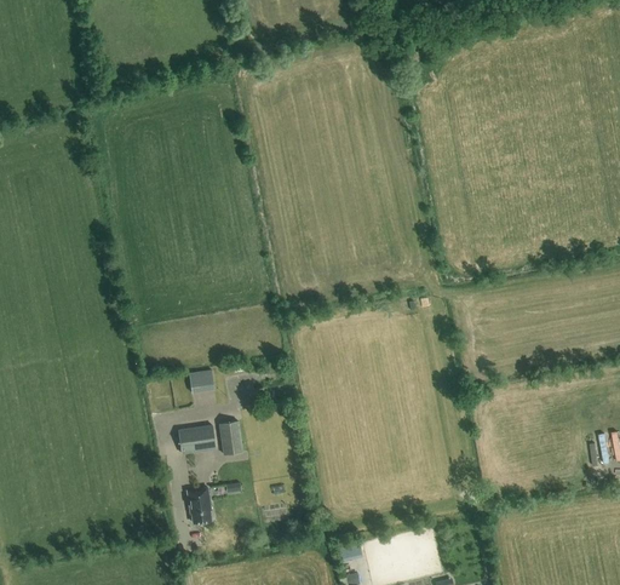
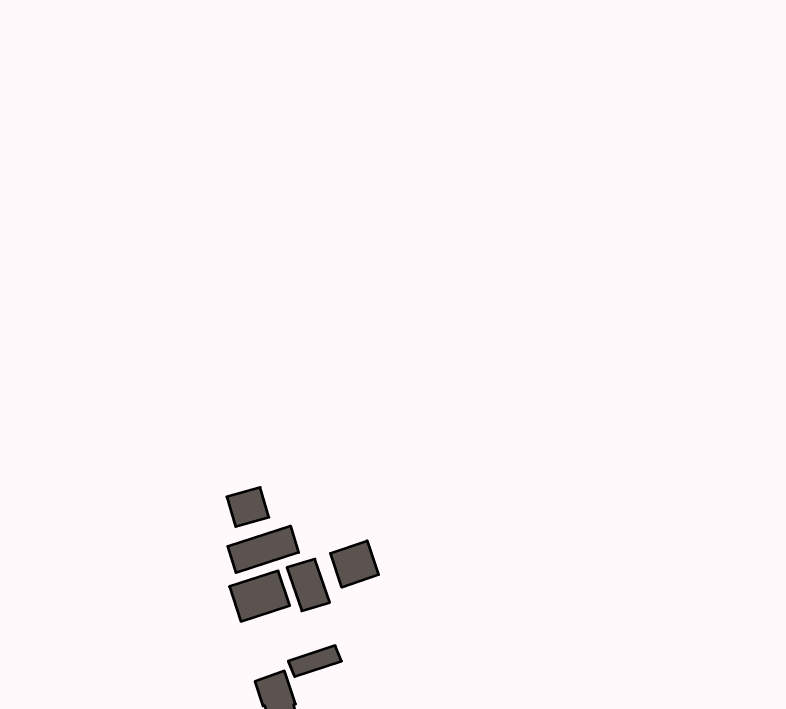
building: none -> [228,526,299,573]
building: none -> [330,541,379,587]

